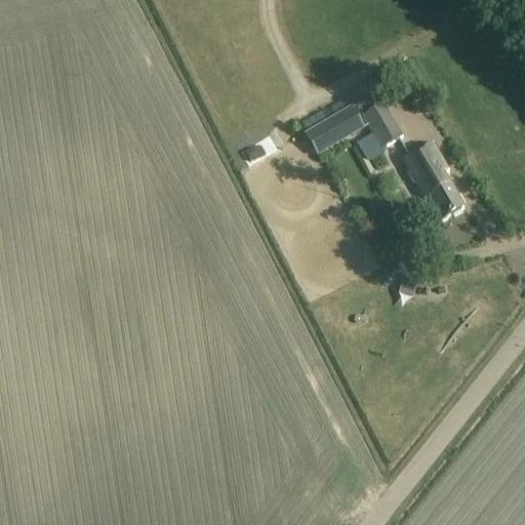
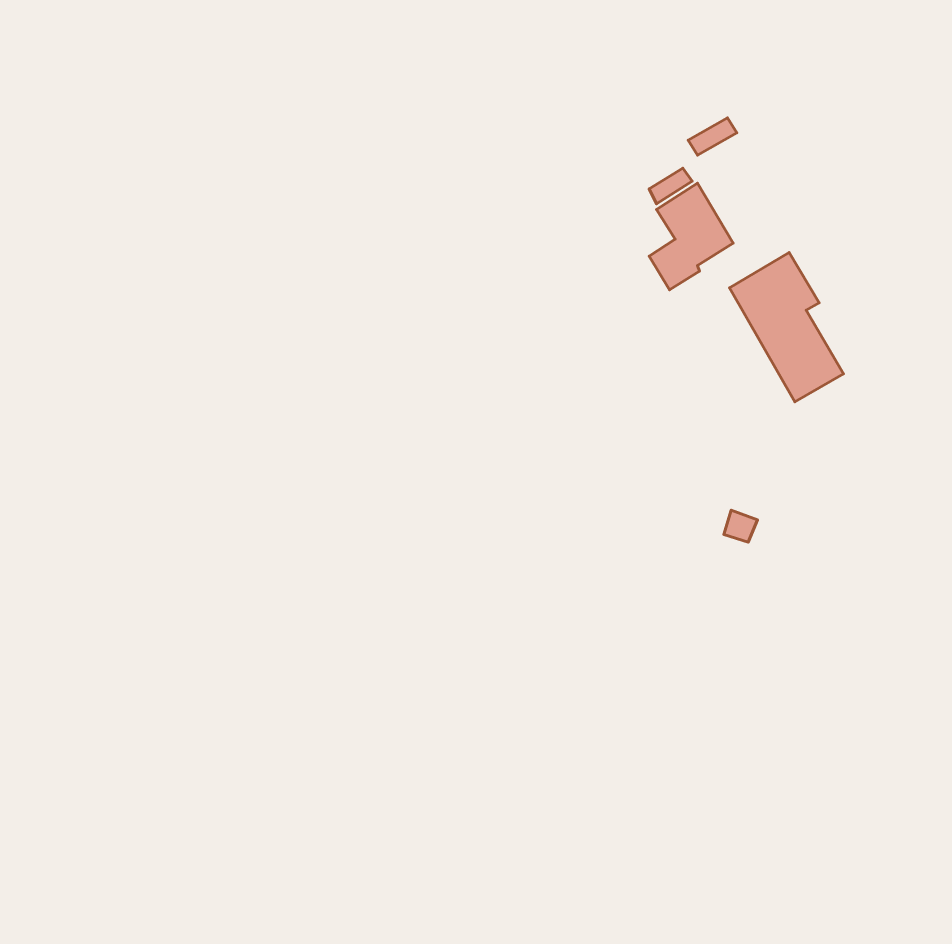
building: [307,106,360,148] -> none

